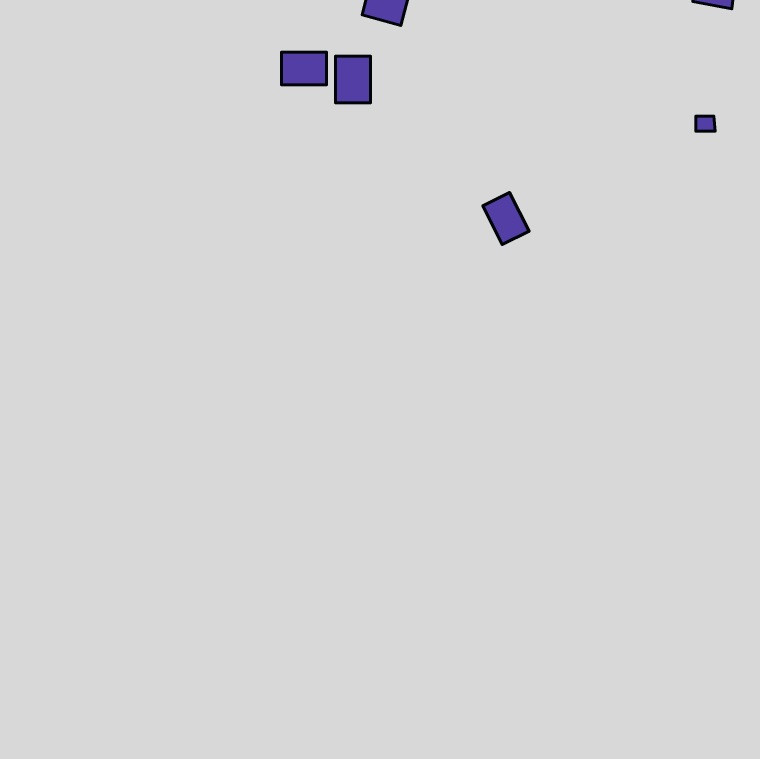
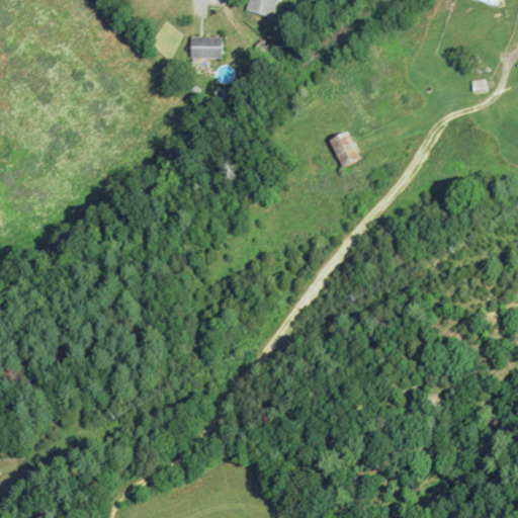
building: [335,56,371,103] -> none

